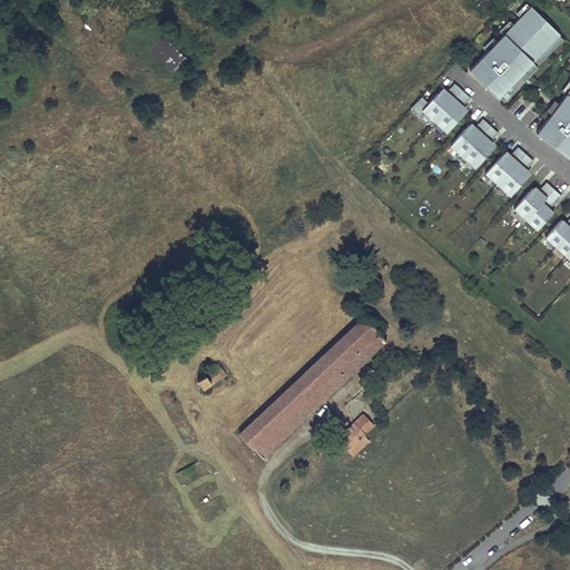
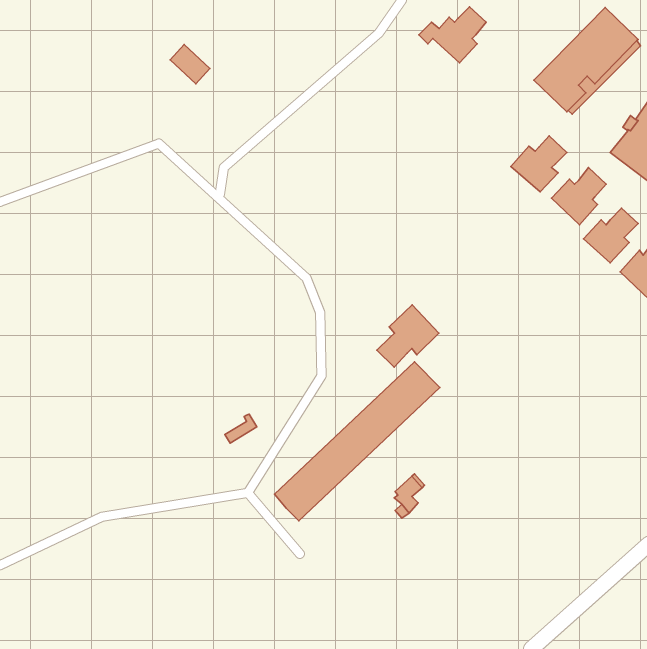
building: [411,83,470,132] -> [419,7,486,63]
building: none -> [377,305,439,367]

